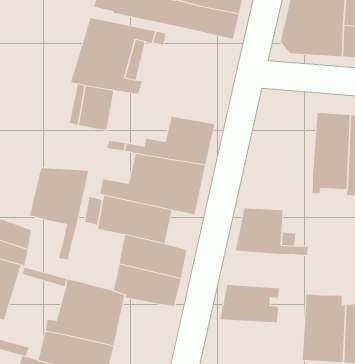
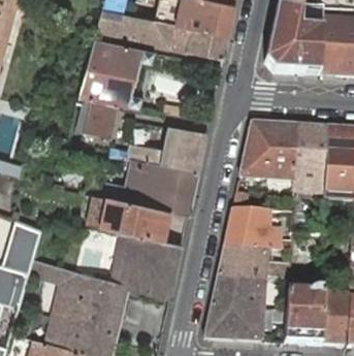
building: none -> [239,121,297,195]
building: [29,167,89,260] -> none
building: none -> [217,246,288,281]
building: none -> [204,306,262,341]

